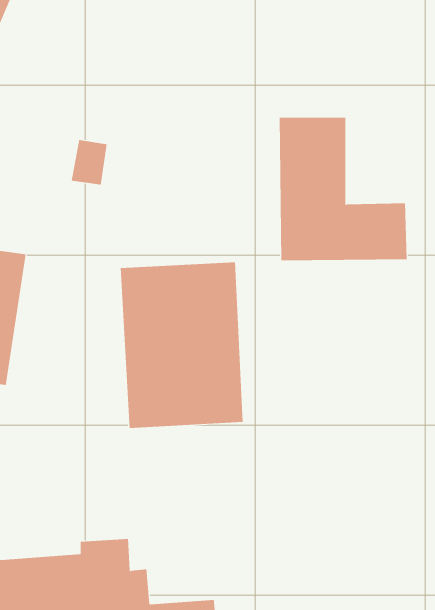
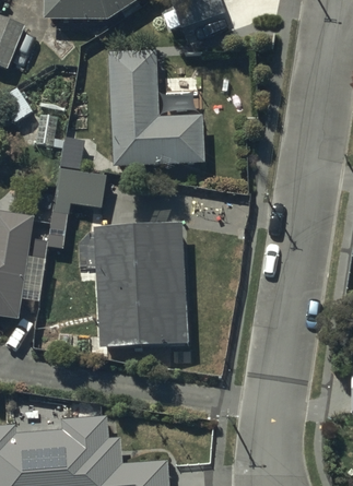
building: [279,117,407,261] -> [108,57,200,159]
building: none -> [48,167,106,248]

